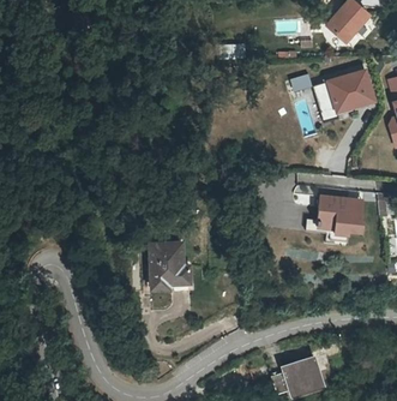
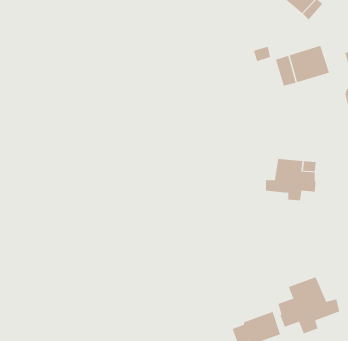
building: [145,243,191,287] -> none
building: none -> [278,277,340,334]

